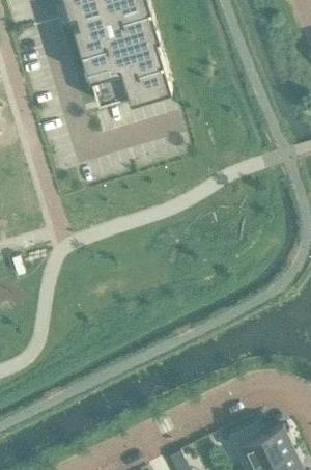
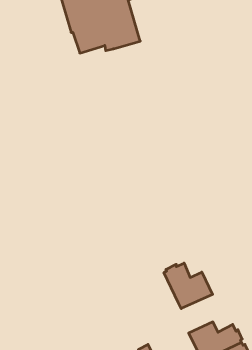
building: none -> [164,263,213,309]

